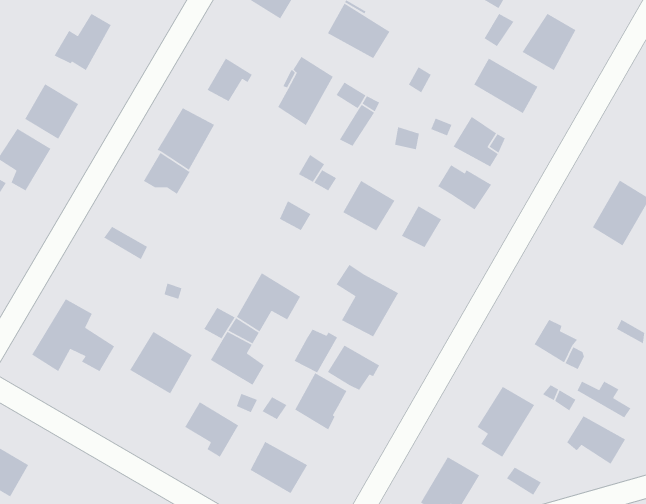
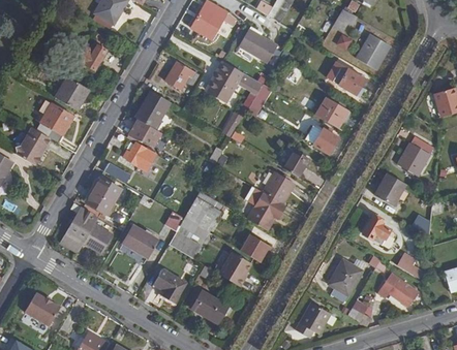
building: [342,180,395,232] -> [262,171,294,202]
building: none -> [126,142,155,170]
building: none -> [374,171,405,204]
building: none -> [87,177,122,213]
building: [294,328,338,373] -> none

